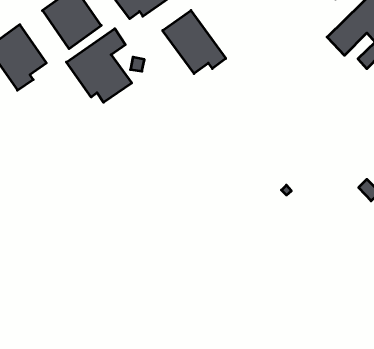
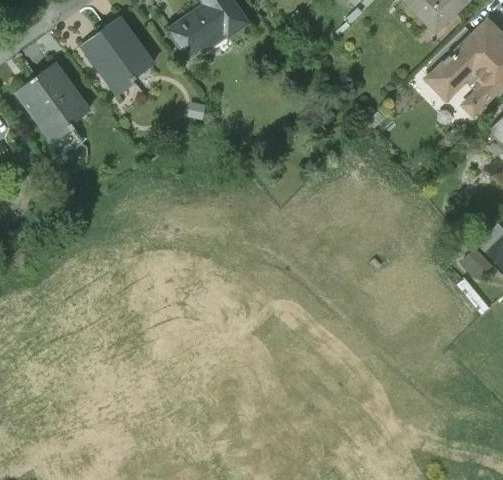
building: [163,10,226,74] -> none
building: [66,29,132,102] -> none

